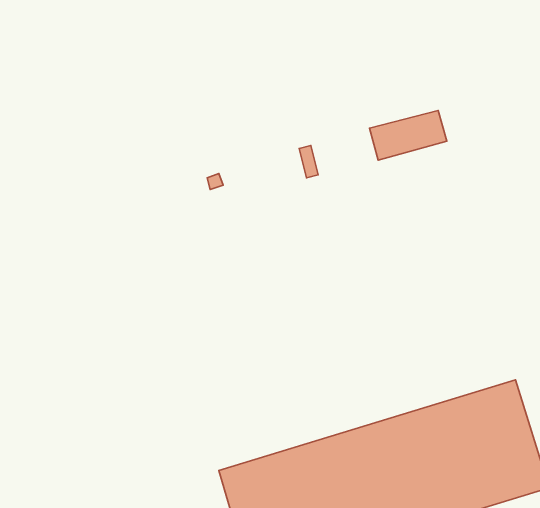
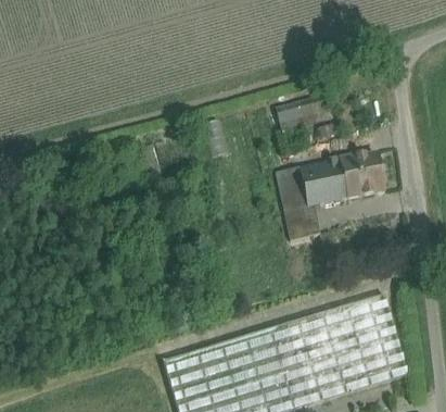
building: none -> [276,151,384,238]

